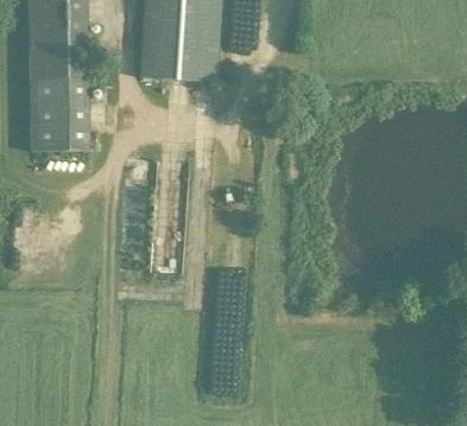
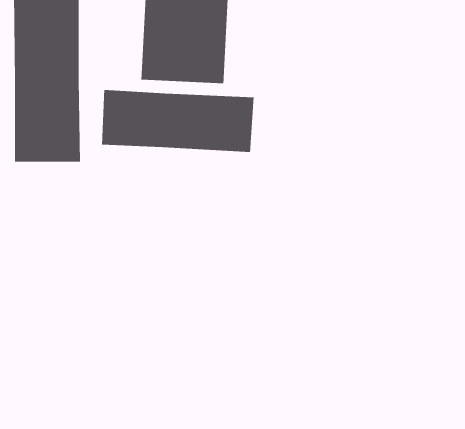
building: none -> [101,89,254,153]

